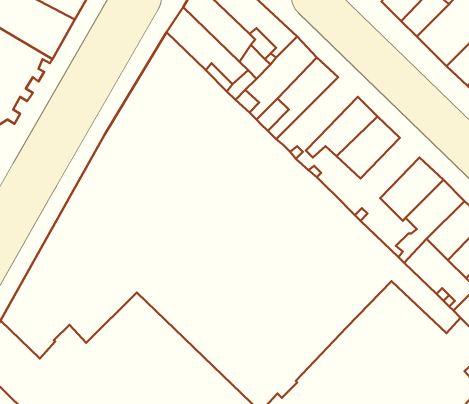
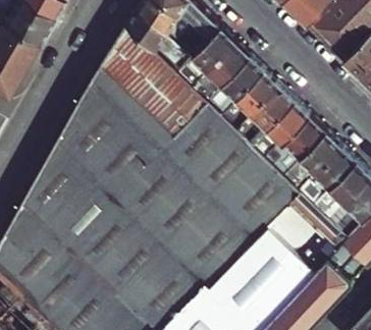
building: none -> [205,58,264,107]
building: none -> [251,102,309,154]

